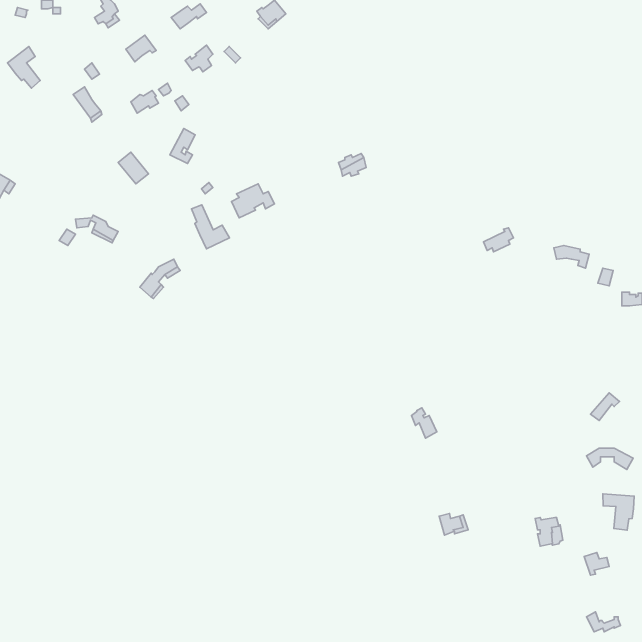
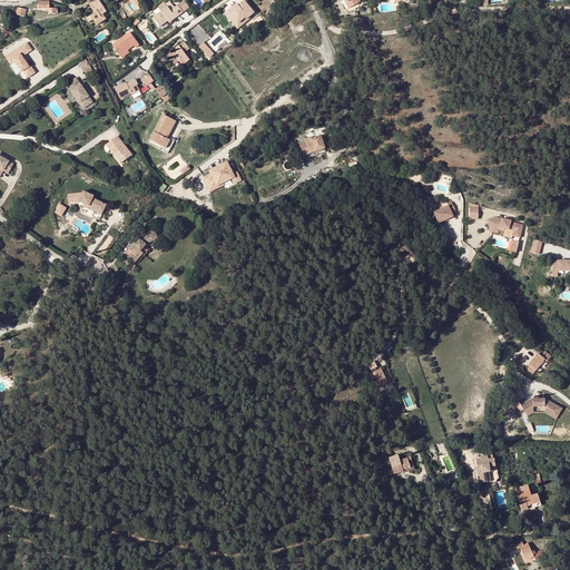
building: [191,205,229,249] -> none
building: [603,494,634,530] -> none

